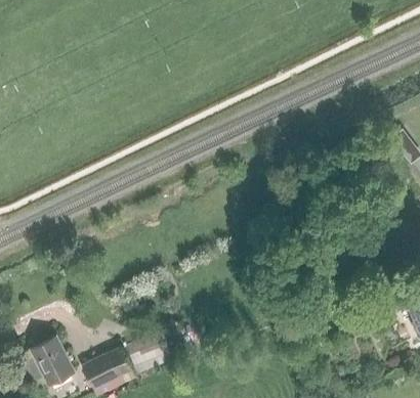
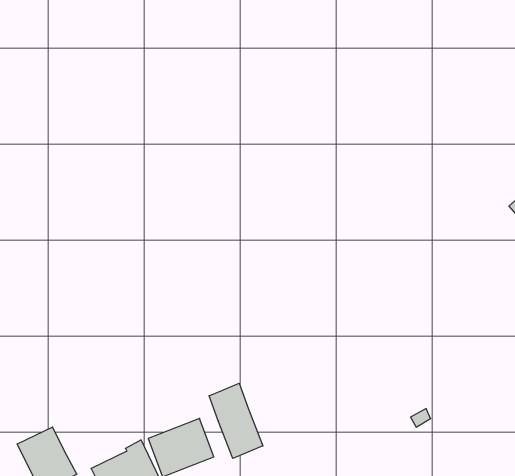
building: none -> [209,383,263,458]

